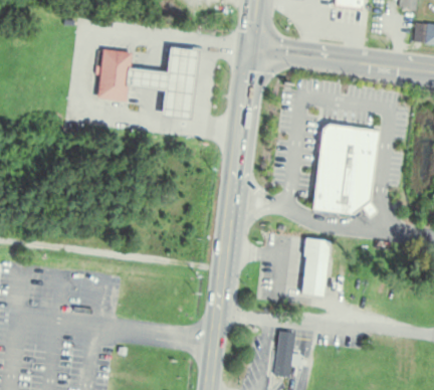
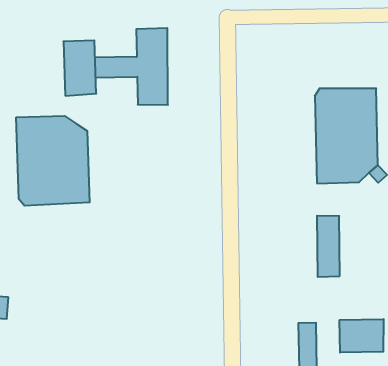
building: none -> [16,116,90,206]
building: none -> [340,319,384,353]

